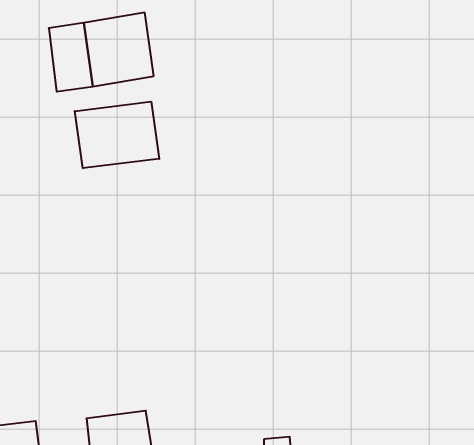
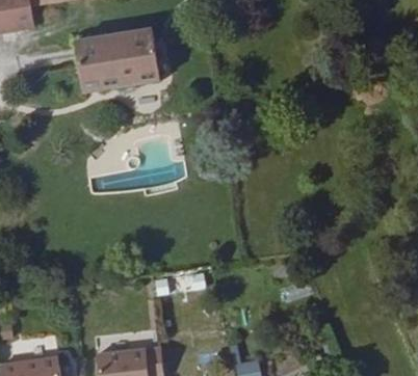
building: [75,102,159,168] -> none

